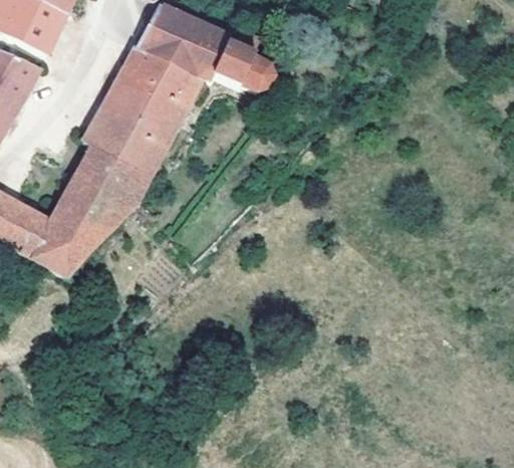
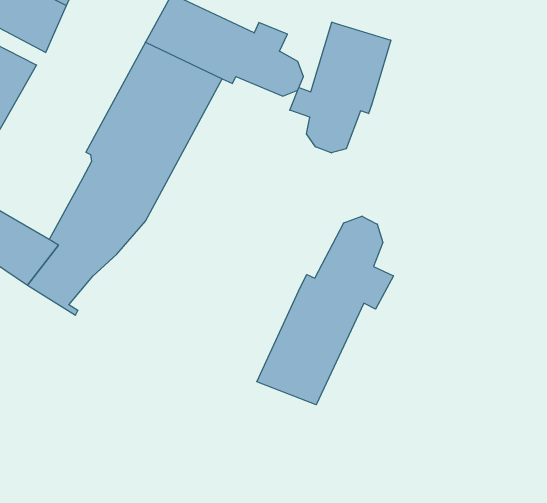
building: none -> [290,22,391,153]
building: none -> [257,216,393,405]

